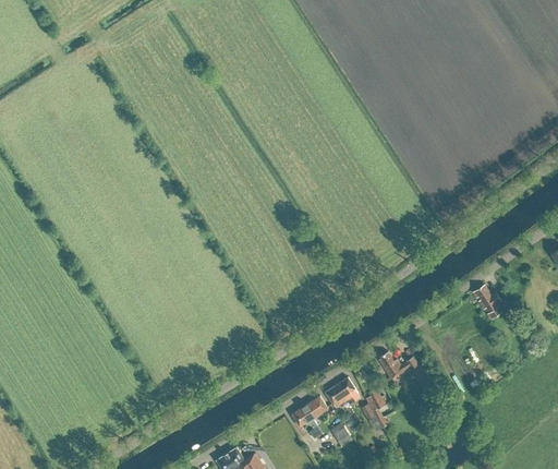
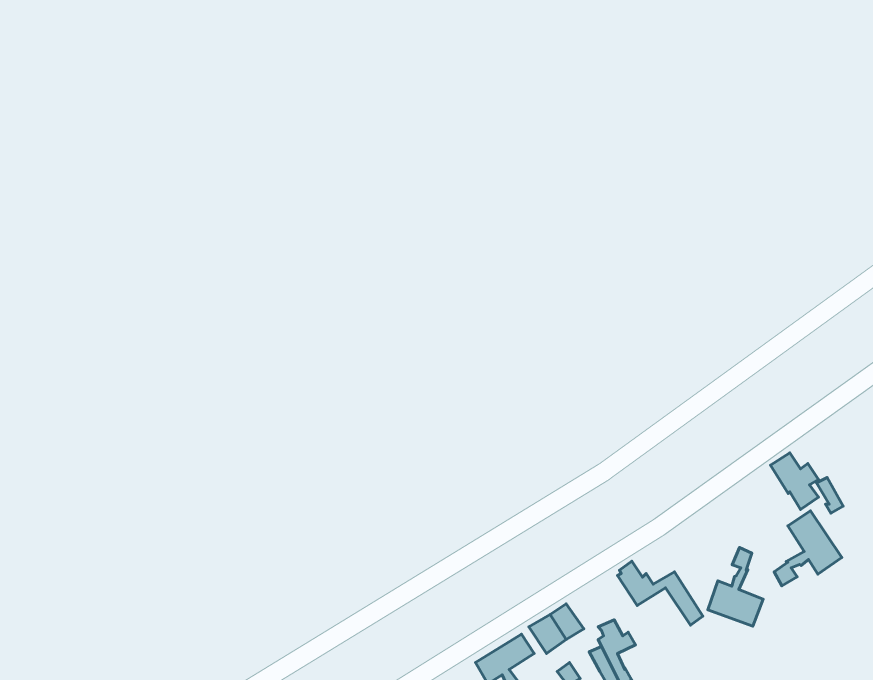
building: none -> [774,511,842,586]
building: none -> [708,547,763,626]

